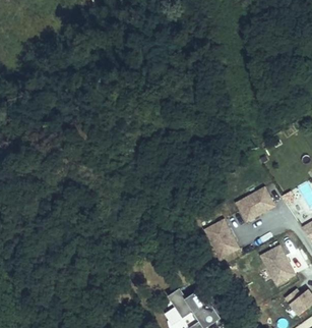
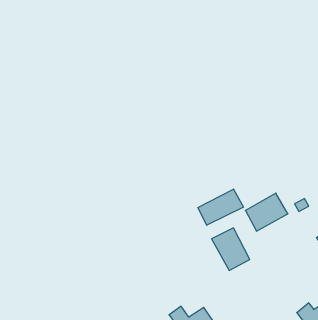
building: none -> [198,189,243,225]
building: [259,244,294,284] -> none

